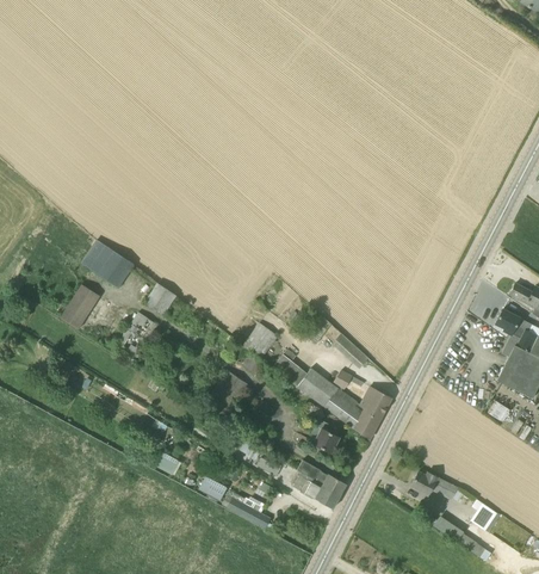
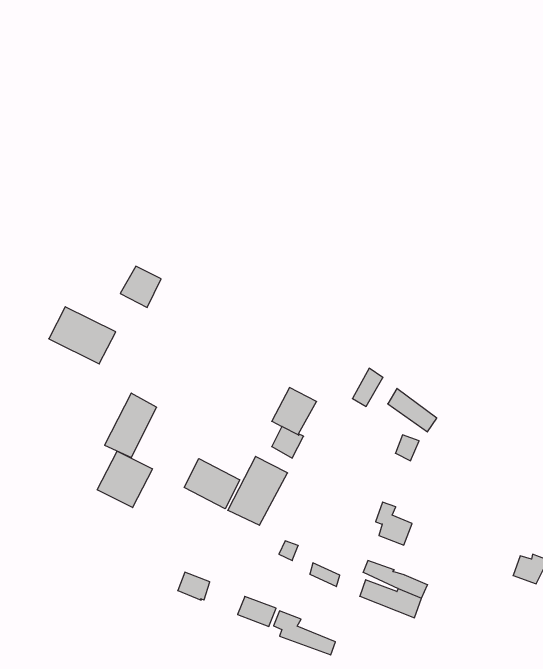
building: [62,283,101,328] -> none
building: [144,283,176,315] -> [120,266,161,307]
building: [273,348,392,439] -> none
building: none -> [97,451,152,508]
building: none -> [184,459,240,509]

